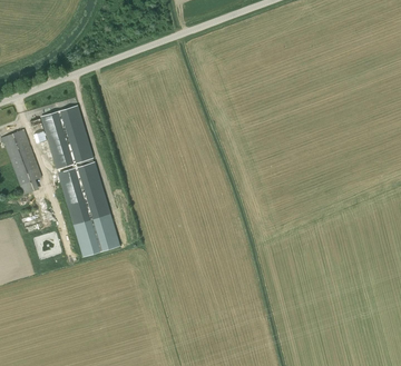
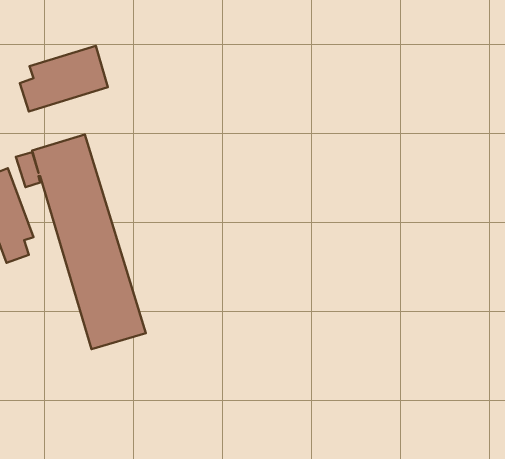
building: none -> [20,46,108,111]

